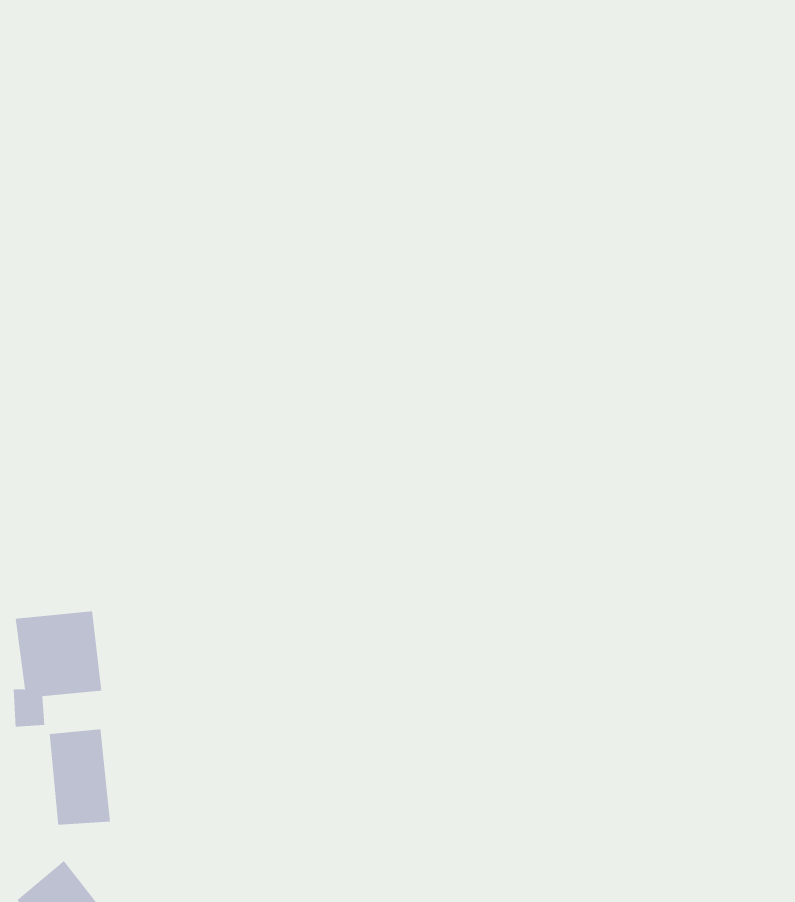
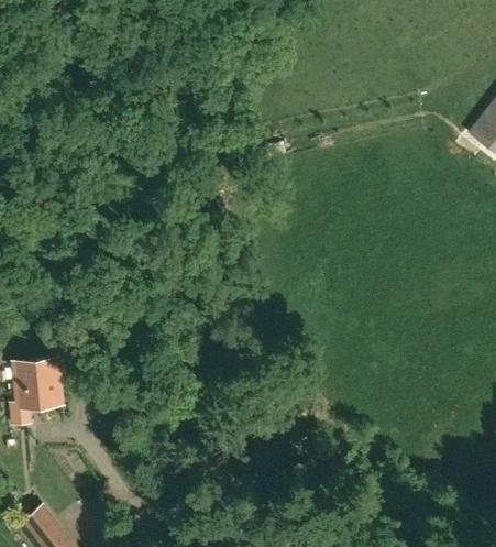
building: [49,728,111,825] -> none

